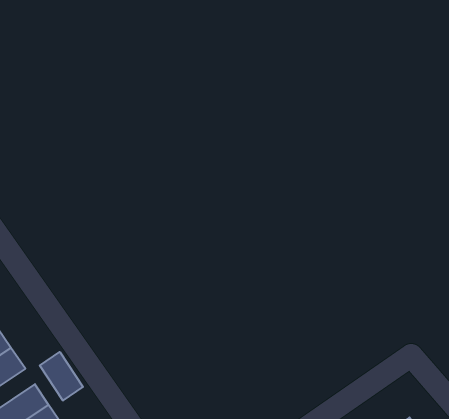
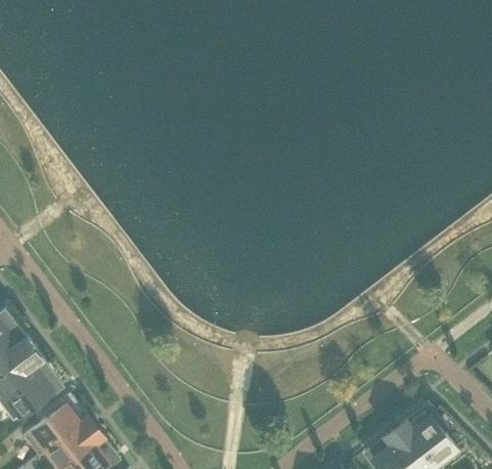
building: [40,352,83,401] -> none

